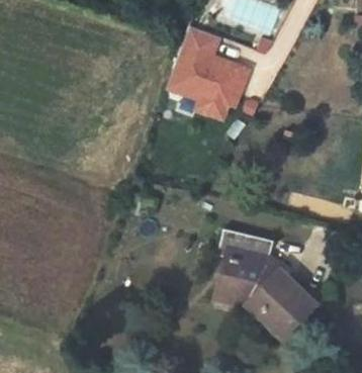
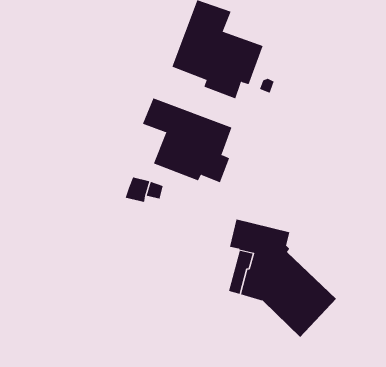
building: none -> [142,98,232,183]

